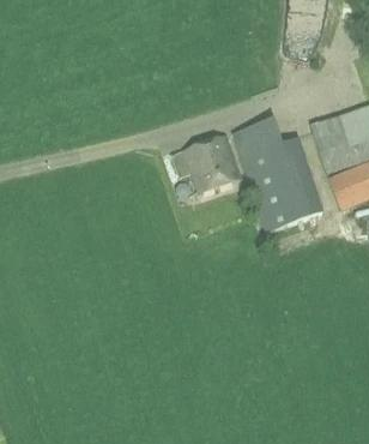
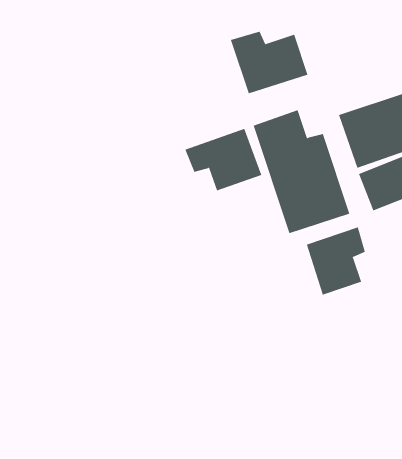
building: none -> [230,31,308,94]
building: none -> [306,227,365,295]

